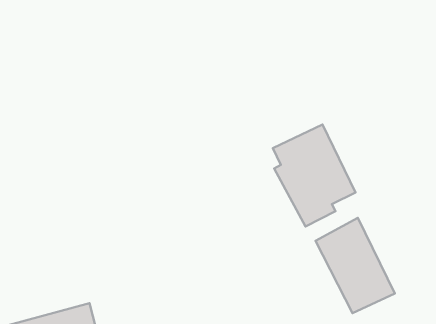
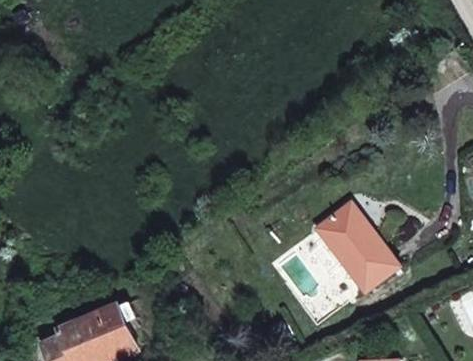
building: [273,124,356,227] -> none

